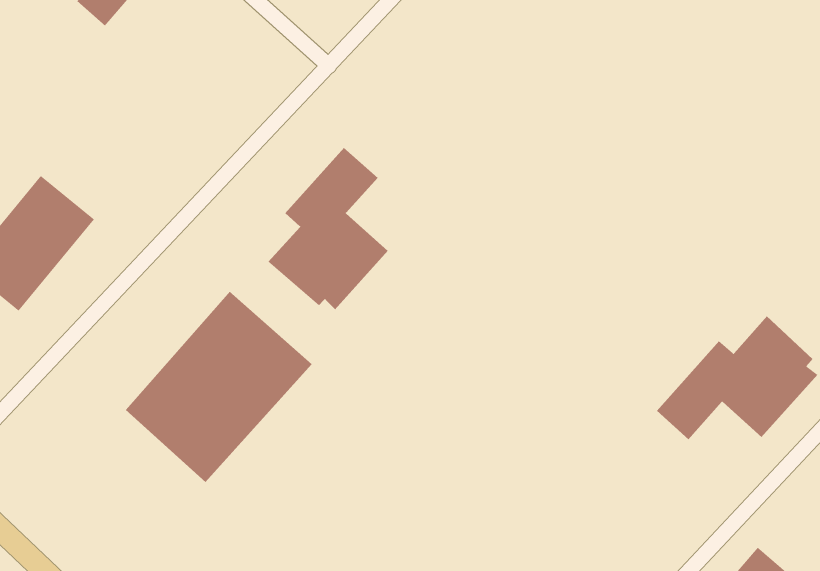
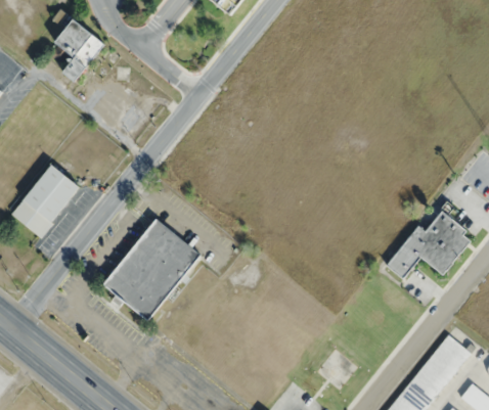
building: [267,147,388,310] -> none

